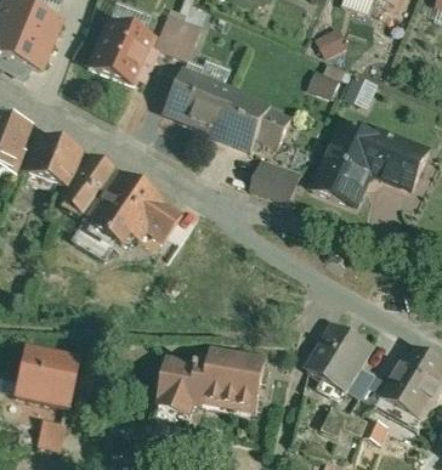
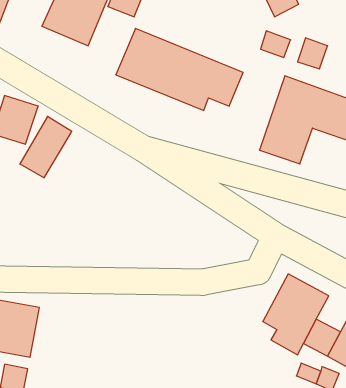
building: [254,163,306,211] -> none
building: [81,176,176,253] -> none
building: [162,353,274,427] -> none

